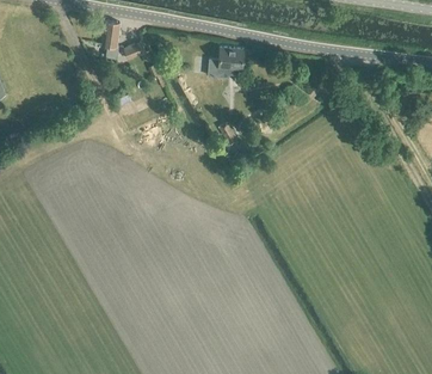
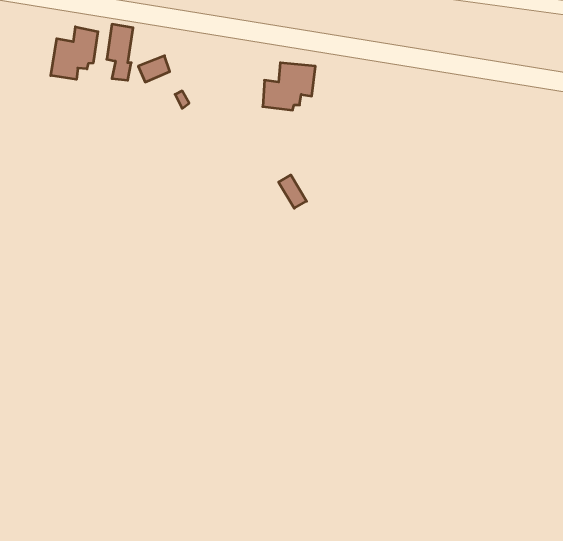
building: none -> [51,27,98,79]

